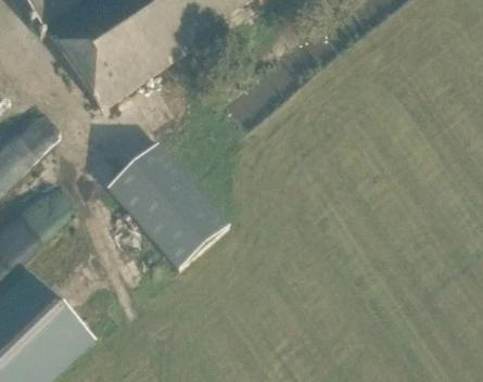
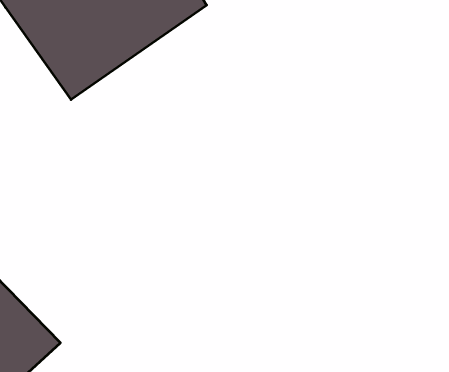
building: [110,143,230,267] -> none

